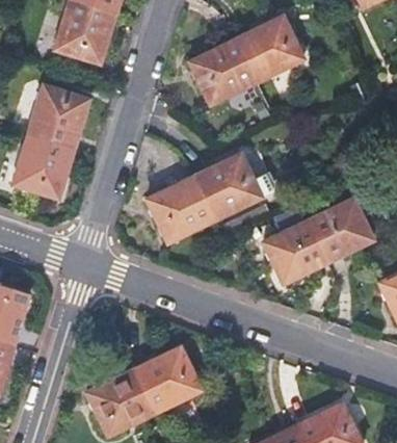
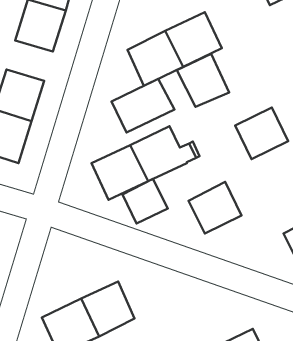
building: none -> [177,54,229,107]
building: none -> [112,79,174,133]
building: [308,202,372,264] -> [235,108,288,159]
building: none -> [123,179,168,224]

